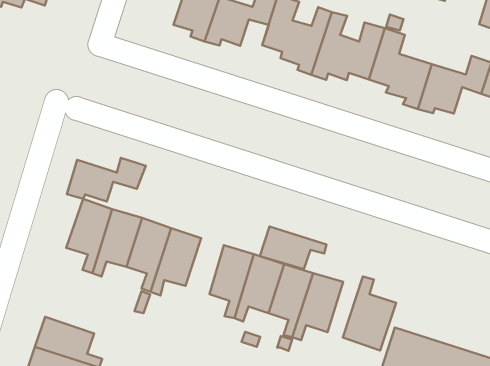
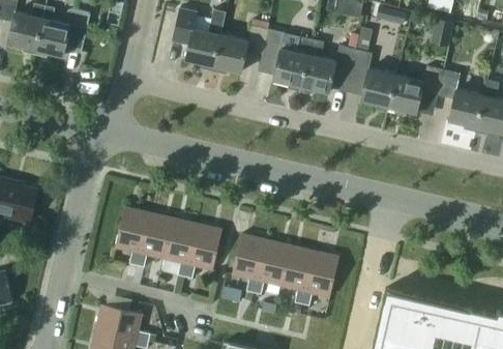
building: [67,158,146,202] -> none
building: [260,227,327,269] -> none
building: [343,276,396,350] -> none

